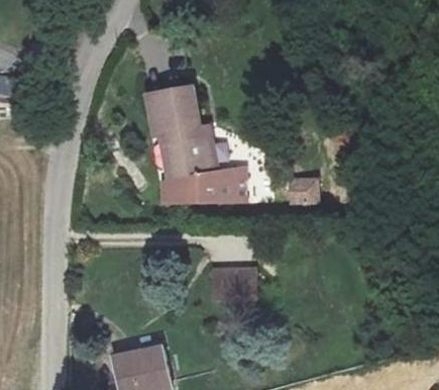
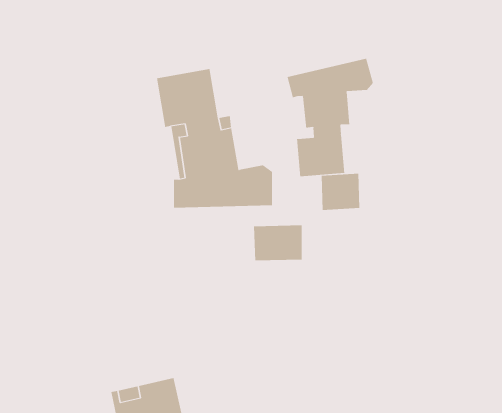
building: none -> [287,58,373,177]
building: [213,269,254,299] -> [253,225,302,261]

